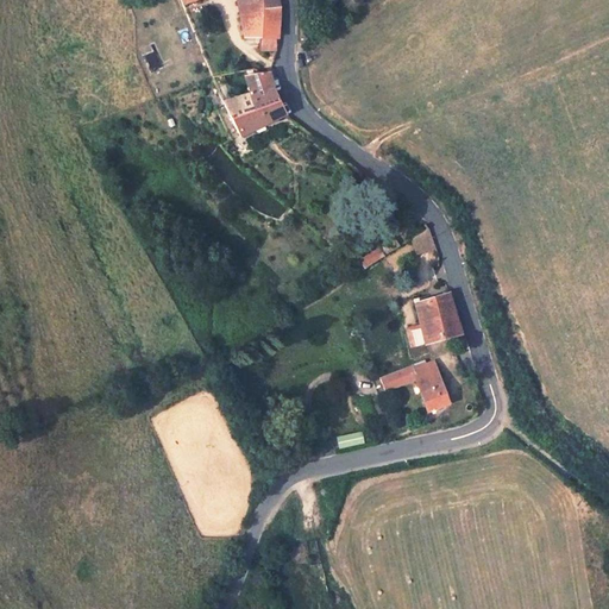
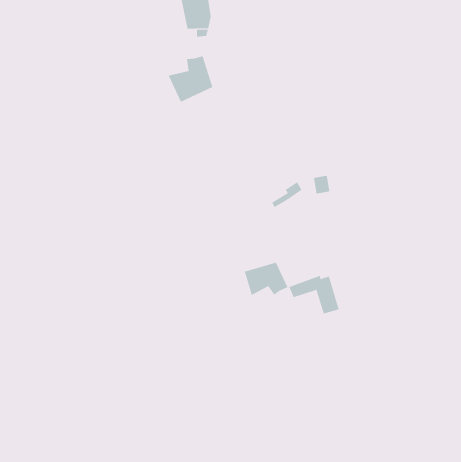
building: [419,294,462,341] -> none
building: none -> [244,262,288,296]

